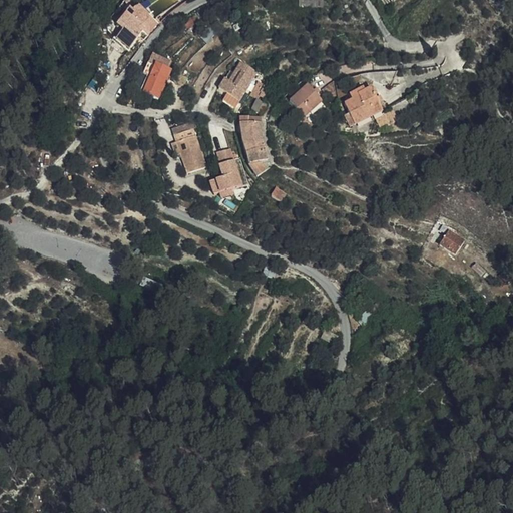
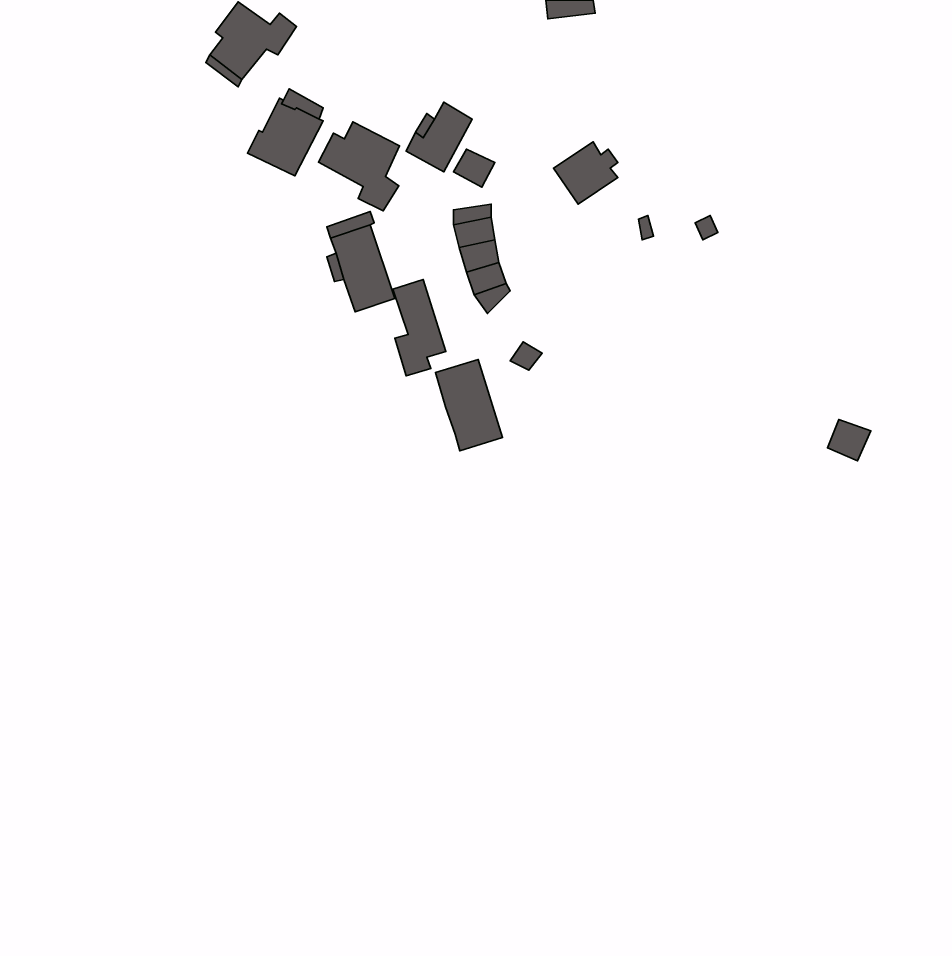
building: none -> [319,122,399,211]
building: [346,86,385,126] -> none
building: none -> [436,359,502,451]

